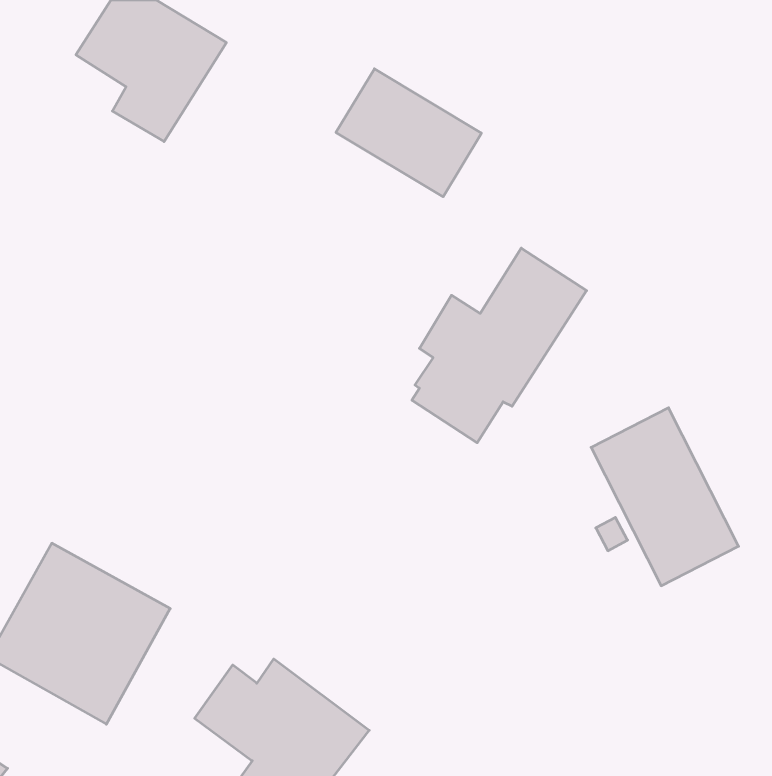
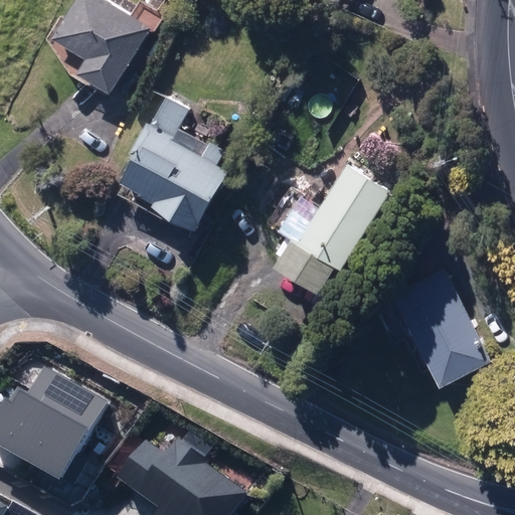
building: [336,69,481,197] -> none
building: none -> [117,99,226,230]

